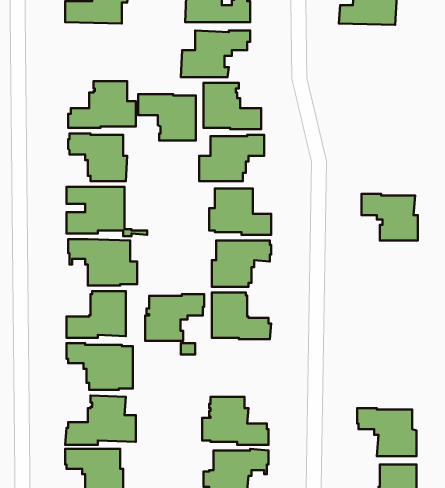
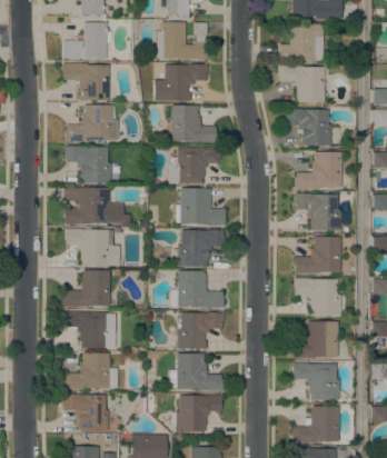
building: none -> [278,64,325,102]
building: none -> [286,108,331,146]
building: [138,94,196,141] -> [63,63,109,100]
building: none -> [292,152,341,189]
building: none -> [294,237,340,273]
building: [145,294,204,341] -> [177,312,224,349]
building: none -> [294,278,340,316]
building: none -> [292,321,338,358]

